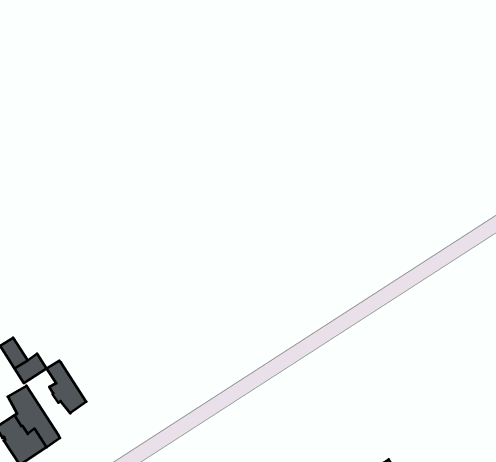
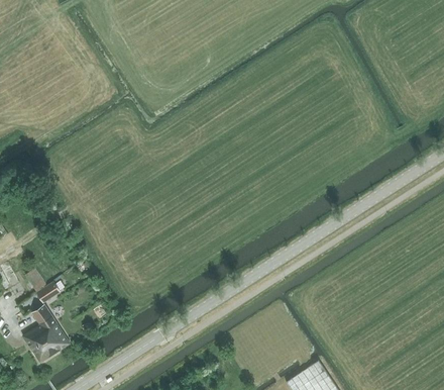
building: [47,361,86,413] -> none

